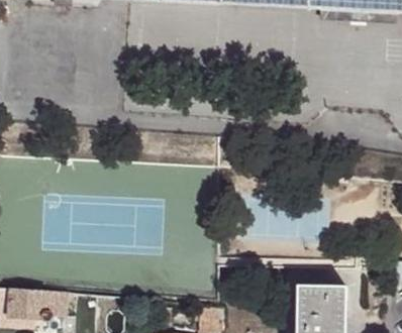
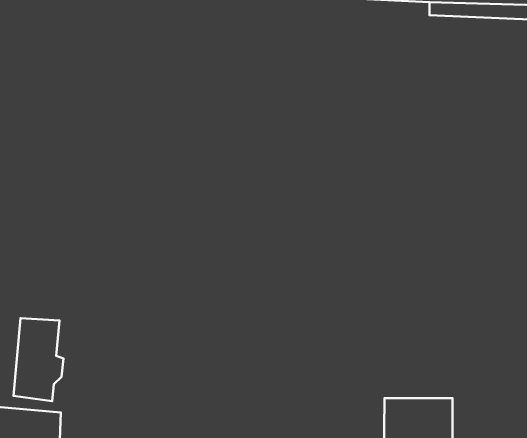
building: none -> [14,318,63,401]

